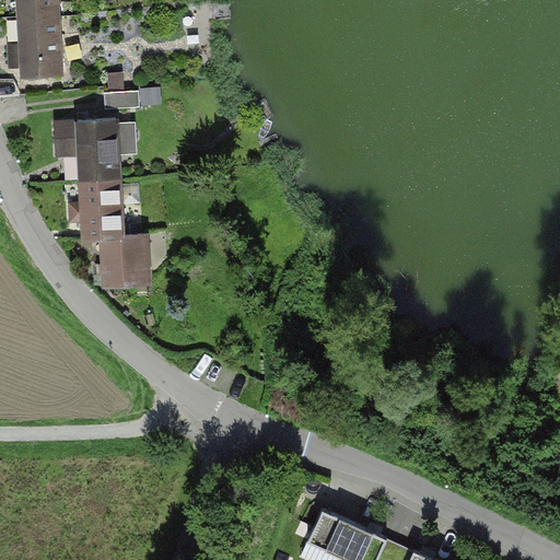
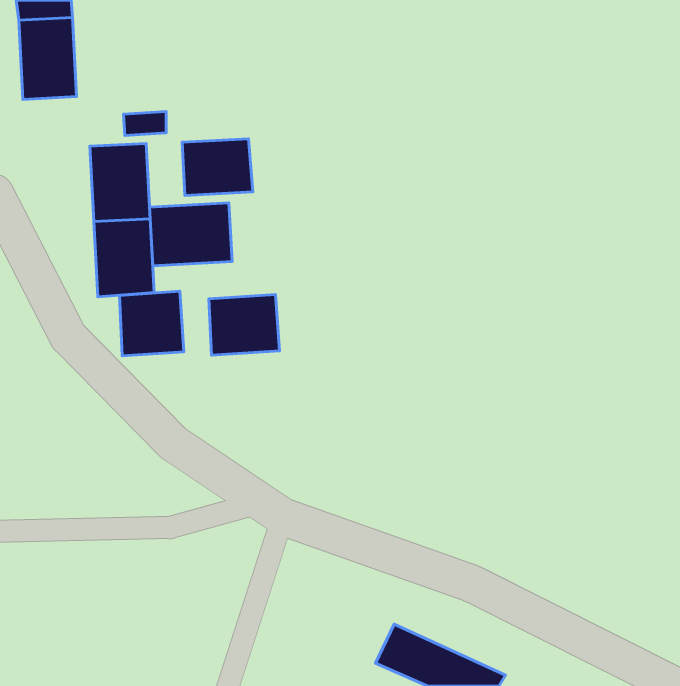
building: none -> [182,139,253,195]
building: none -> [150,203,232,266]
building: none -> [209,294,279,355]

